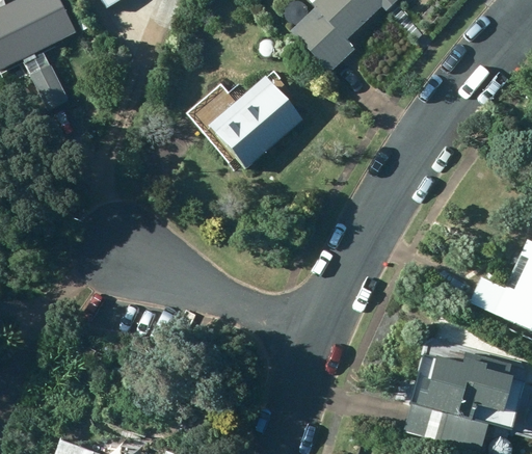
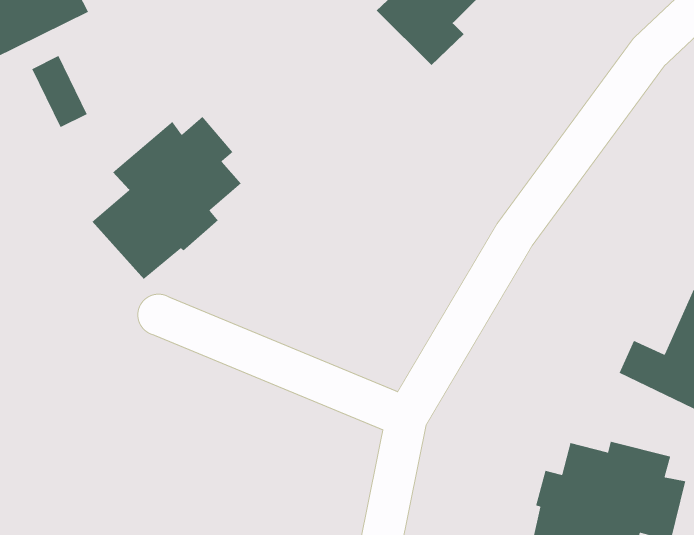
building: [208,74,303,167] -> none
building: none -> [92,116,242,280]

